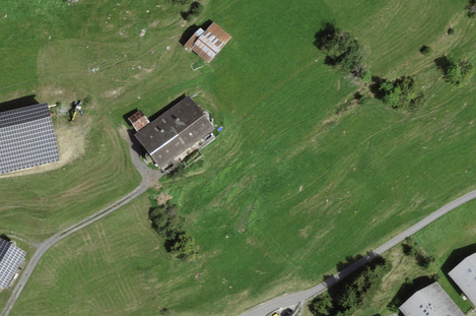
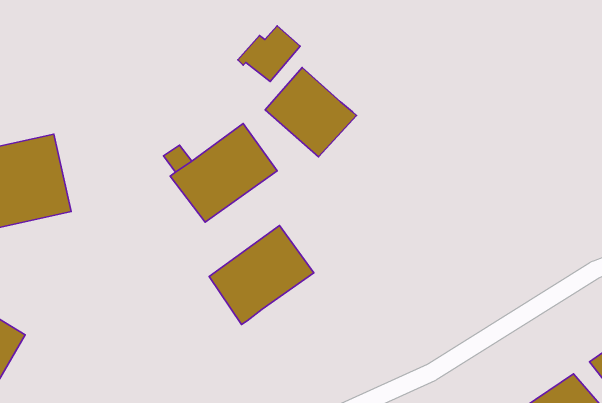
building: none -> [265,67,357,157]
building: none -> [209,226,314,325]

